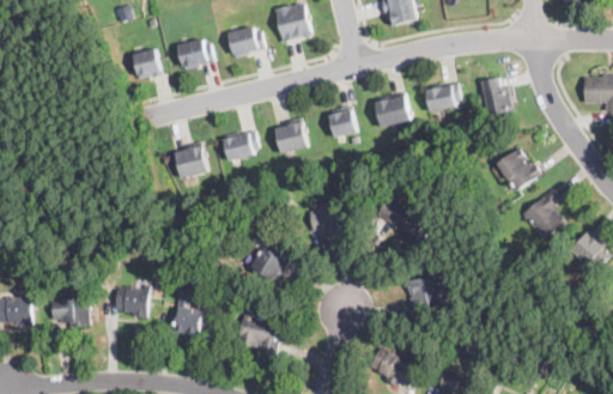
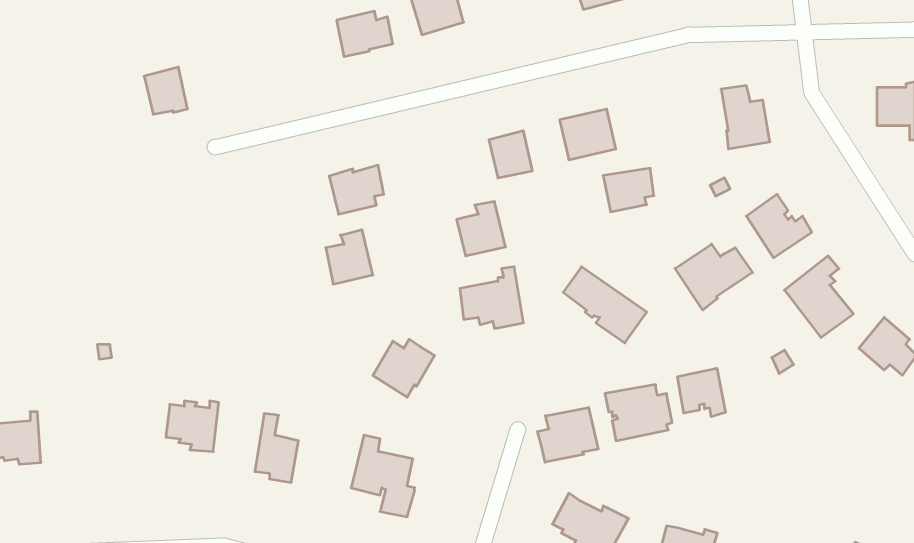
building: [177,40,213,69] -> none
building: [132,48,160,79] -> [144,67,188,114]
building: [425,83,459,111] -> [603,168,654,212]
building: [274,117,306,153] -> [457,202,506,256]
building: [175,141,206,177] -> [326,230,373,284]
building: none -> [675,244,753,310]
building: none -> [678,368,726,417]
building: none -> [538,407,598,462]
building: [49,290,86,328] -> none

